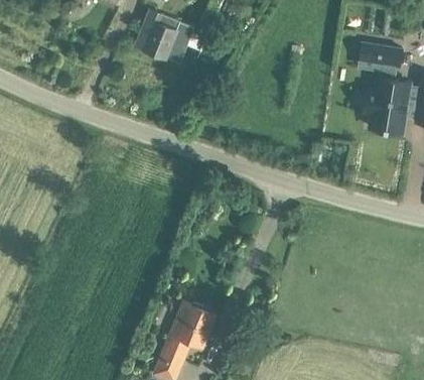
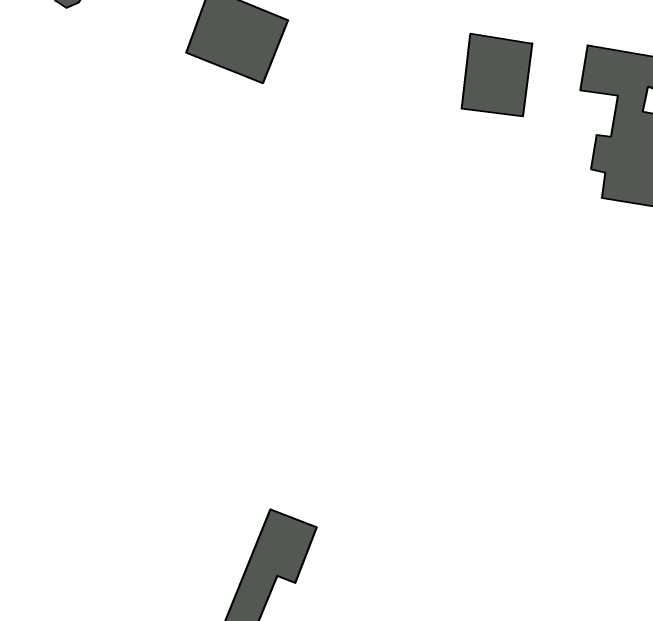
building: none -> [462,34,532,116]

